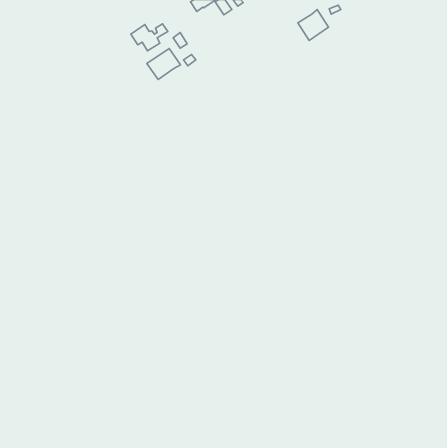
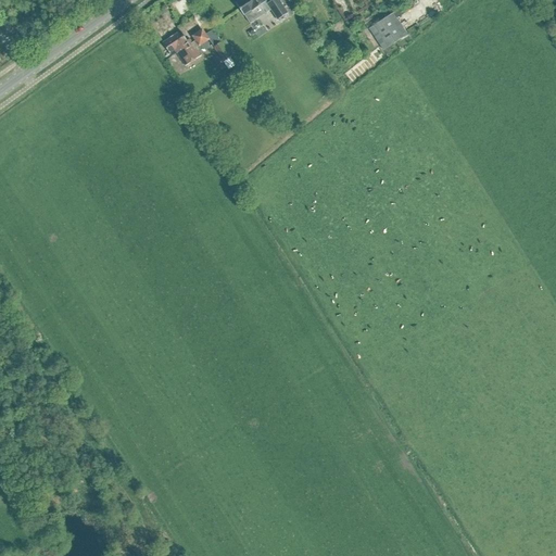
building: [147,49,181,80] -> none

